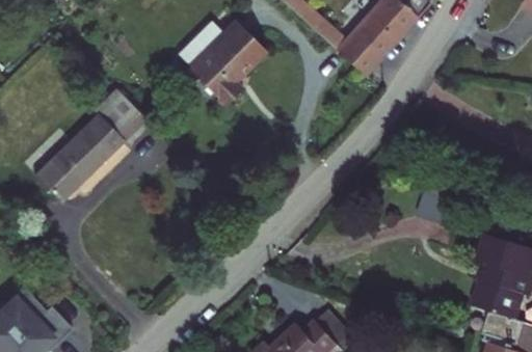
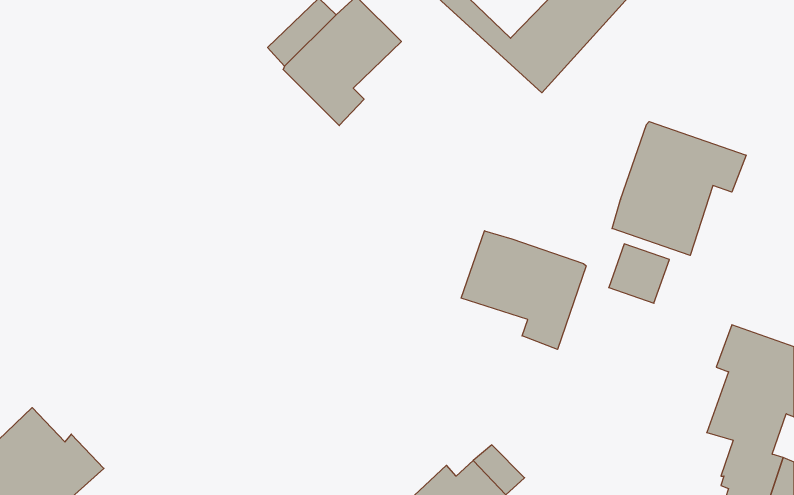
building: [34,88,143,200] -> none
building: none -> [612,122,746,255]
building: none -> [461,231,586,349]

